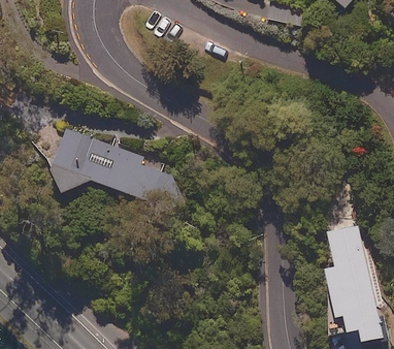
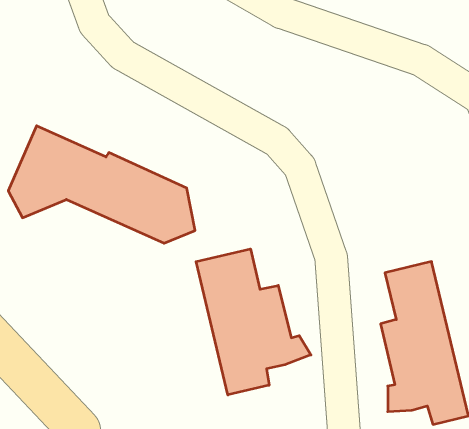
building: none -> [196,249,311,395]

